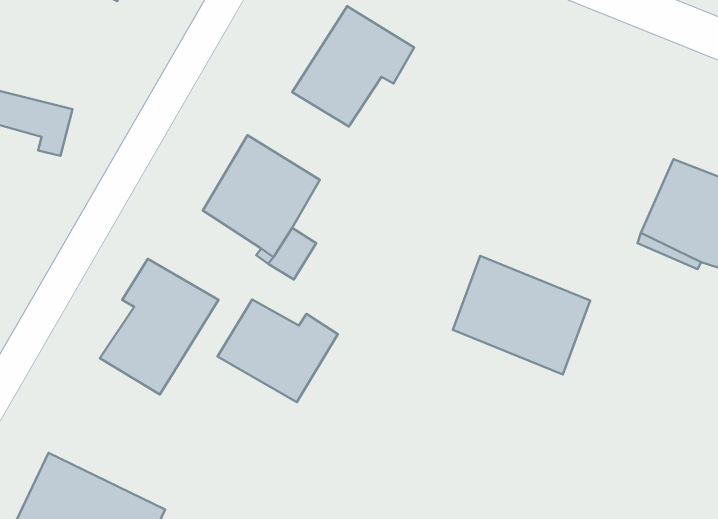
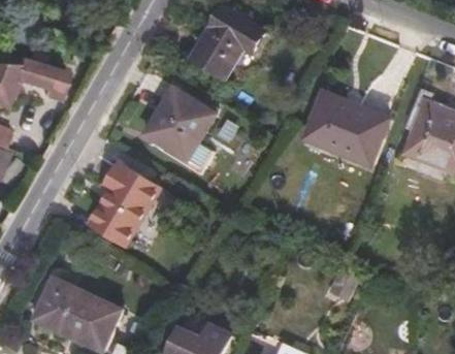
building: [453,256,590,374] -> [306,83,389,154]
building: [218,300,338,402] -> none

